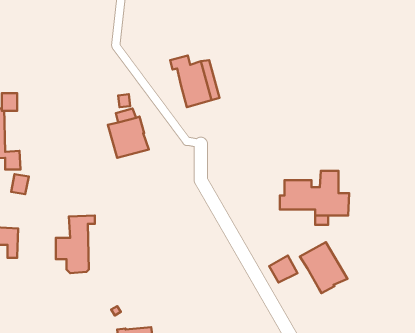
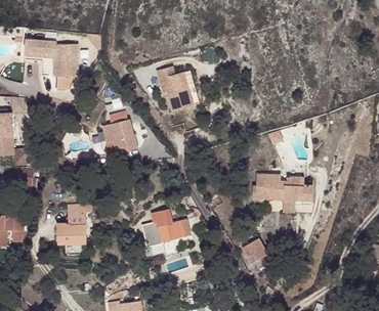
building: none -> [25,42,78,88]
building: none -> [142,211,188,248]
building: [300,242,347,293] -> none

